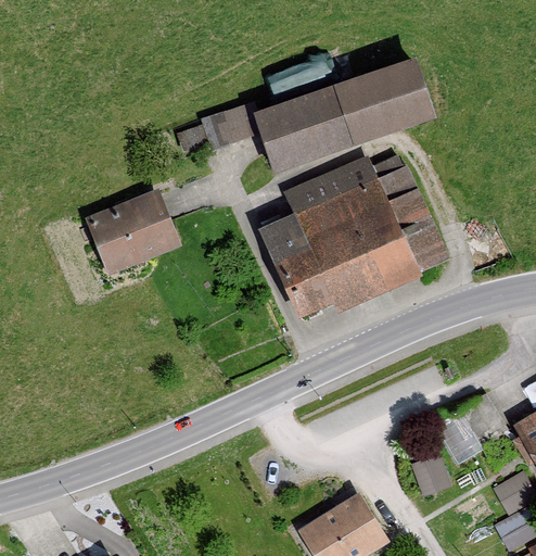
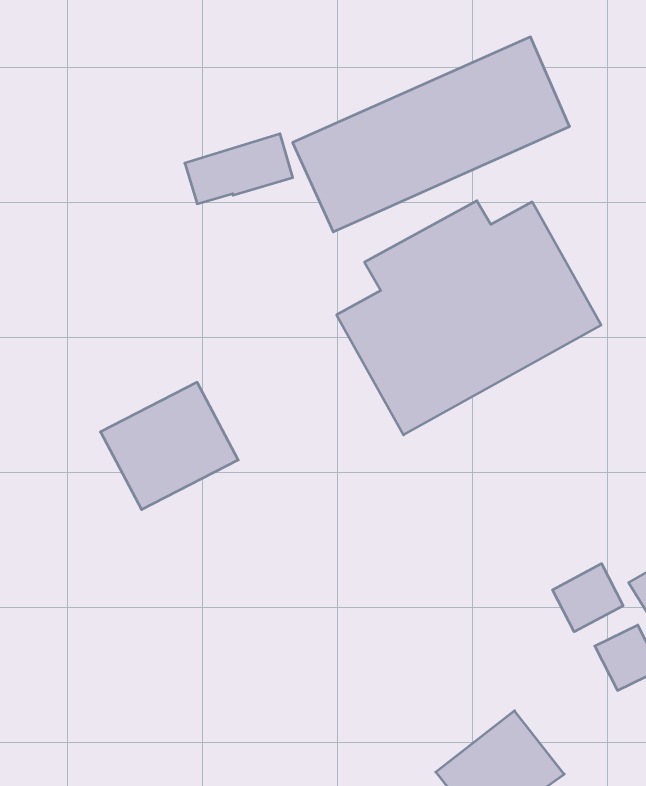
building: [88,192,176,271] -> [100,382,238,510]
building: none -> [553,564,623,632]

